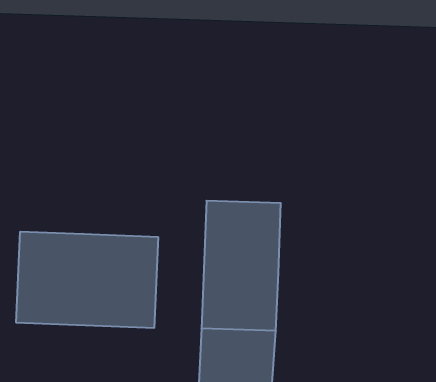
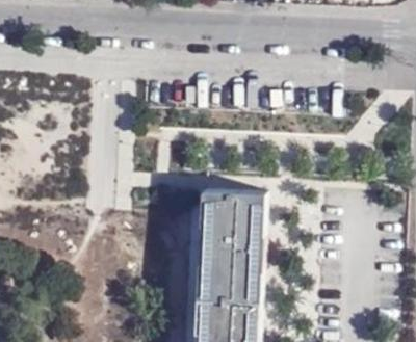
building: [16,232,158,328] -> none

